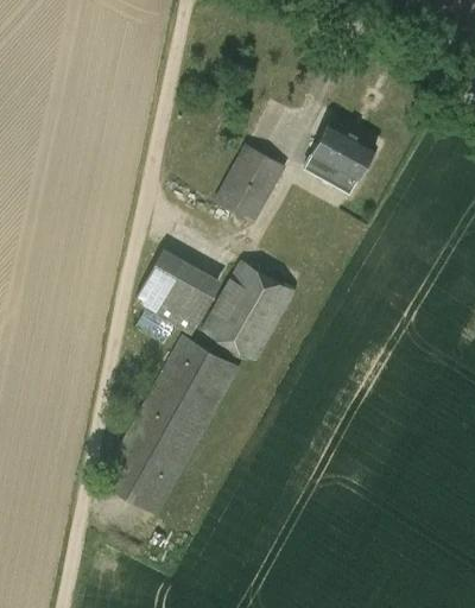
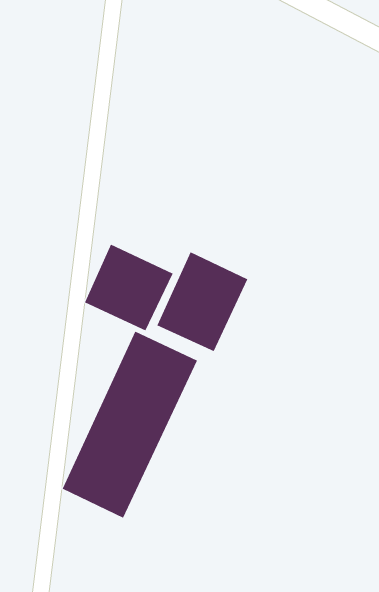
building: [305,124,374,192] -> none
building: [213,138,285,224] -> none

